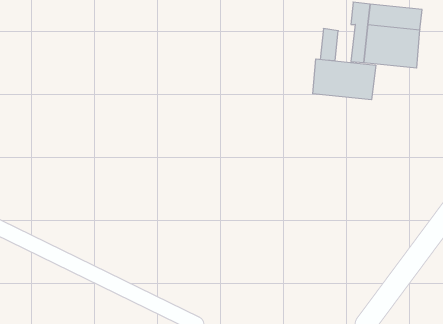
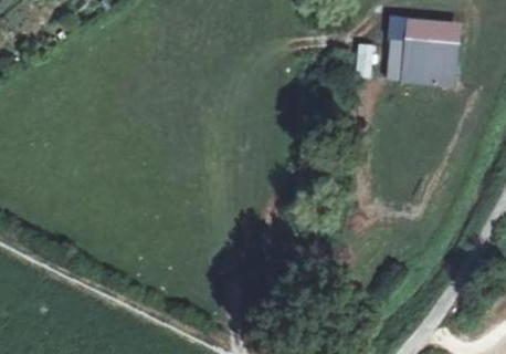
building: [313,59,376,100] -> none

